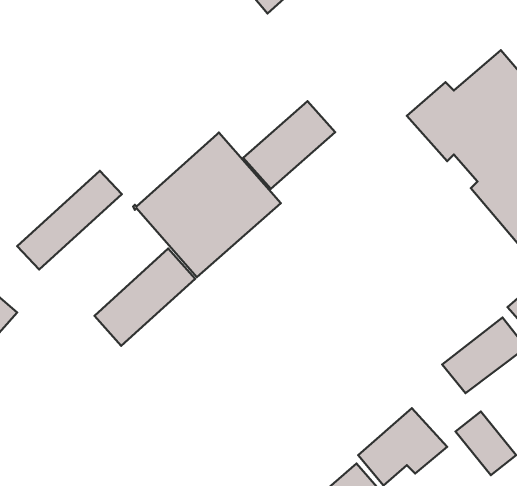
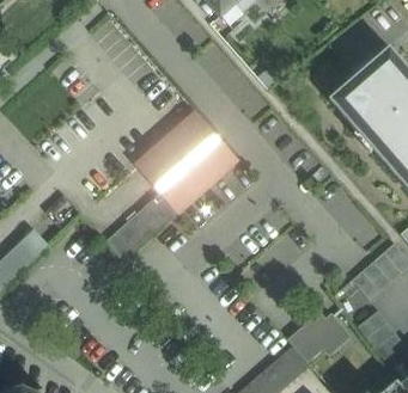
building: [243,101,335,189] -> none
building: [17,171,122,269] -> none

